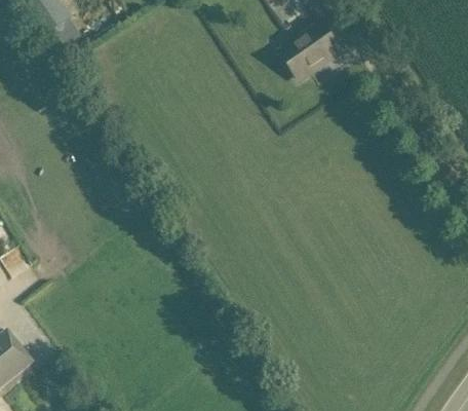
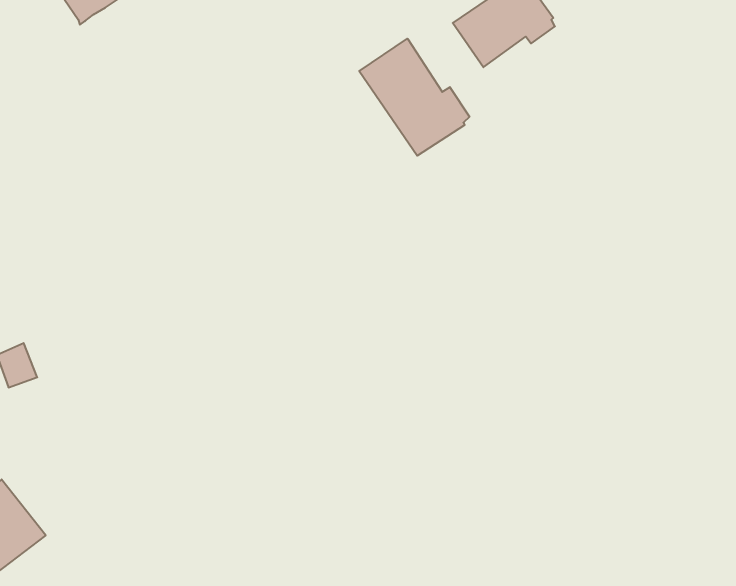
building: none -> [359,39,469,156]

